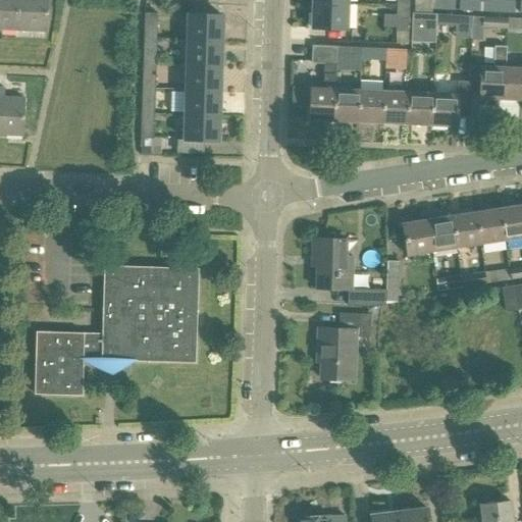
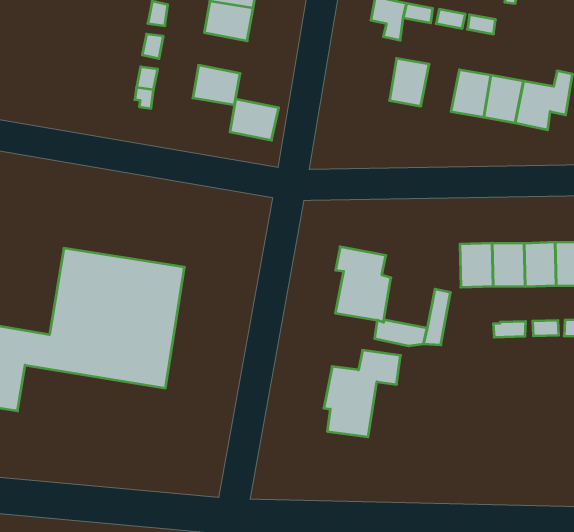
building: [310,72,336,120] -> none
building: [186,88,220,115] -> [230,99,279,140]
building: [359,89,384,122] -> none

